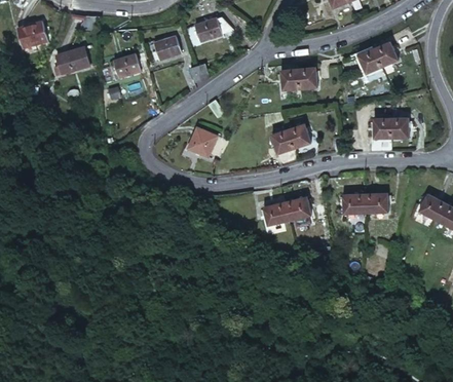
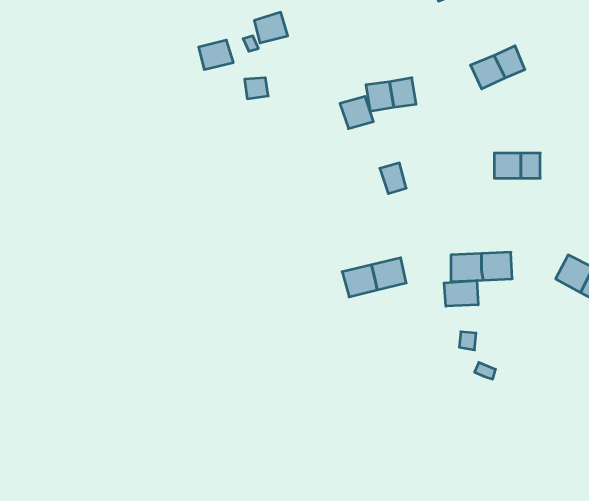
building: [17,22,45,44] -> none
building: [56,46,88,70] -> none
building: [112,53,140,76] -> none
building: [188,128,216,157] -> none
building: [271,131,296,155] -> [340,96,373,129]
building: none -> [444,280,478,306]

